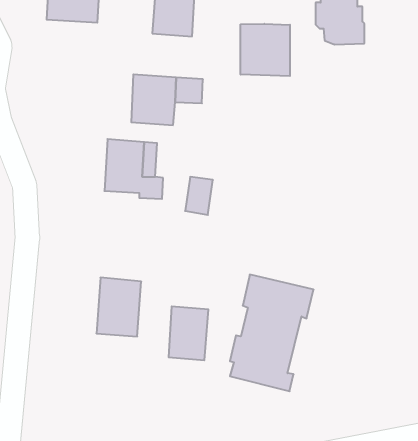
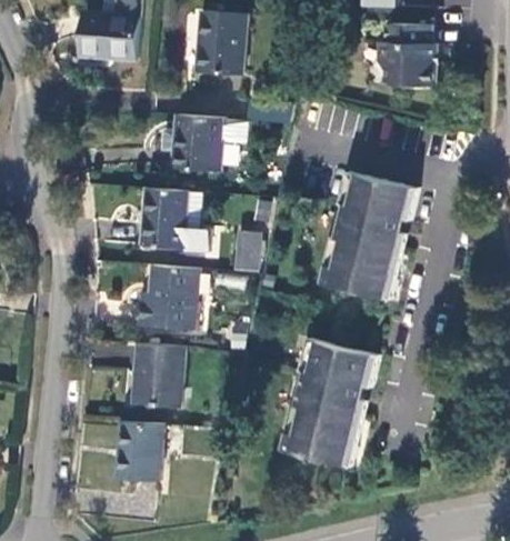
building: [241,24,290,76] -> none
building: none -> [322,176,414,300]
building: none -> [139,266,201,330]
building: [169,306,208,360] -> [120,421,164,481]

